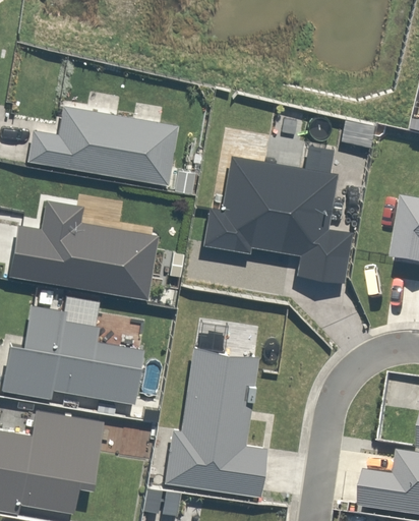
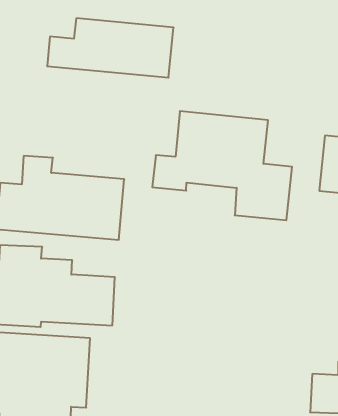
building: [27,108,175,182] -> [47,18,174,78]
building: [164,348,264,489] -> none

